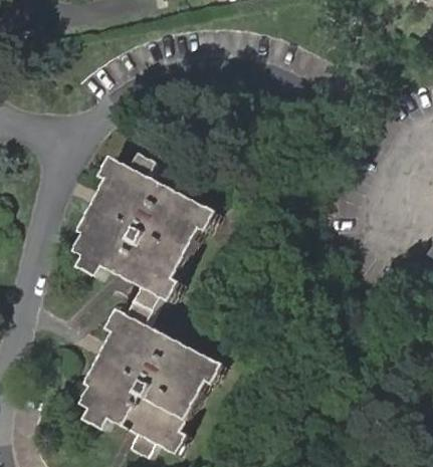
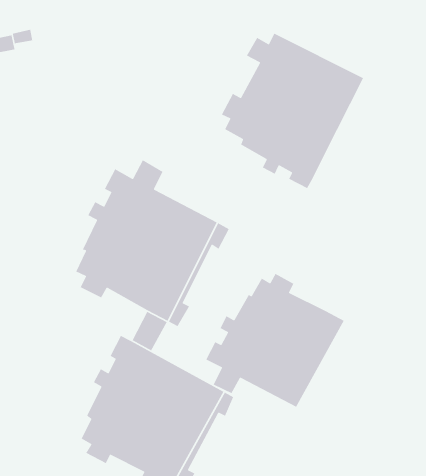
building: none -> [221,33,364,189]
building: none -> [205,273,345,408]

